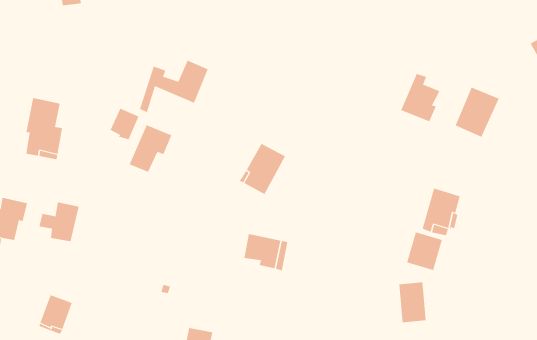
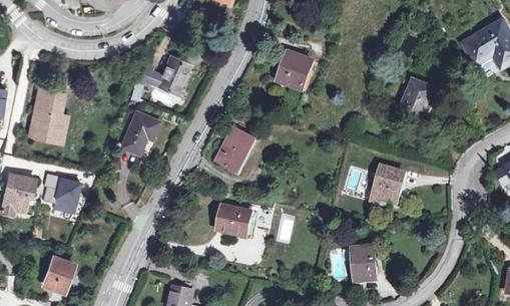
building: none -> [278,50,313,85]
building: [401,73,440,122] -> none
building: [110,108,139,140] -> none
building: [406,232,443,271] -> none

